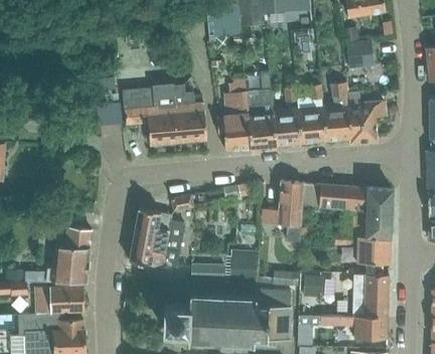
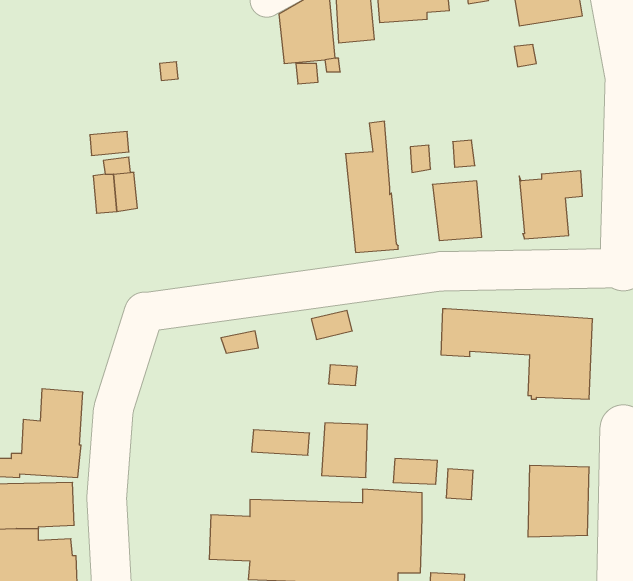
building: [345,41,374,68] -> none
building: [218,77,252,150] -> none
building: [323,81,351,141] -> none
building: [123,84,206,146] -> none
building: [272,110,301,146] -> none
building: [266,182,303,242] -> none
building: [130,209,186,268] -> none
building: [357,235,390,264] -> none
building: [300,316,389,339] -> none

